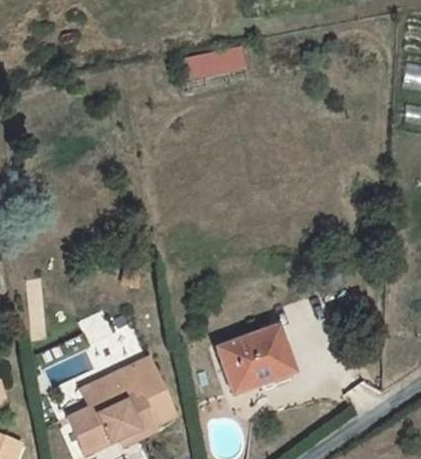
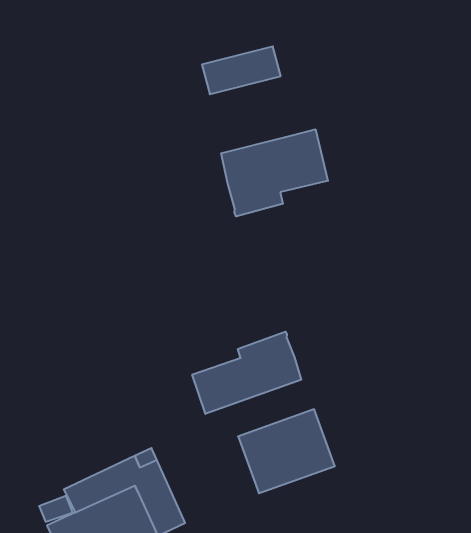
building: none -> [221,129,328,216]
building: none -> [192,332,301,414]

